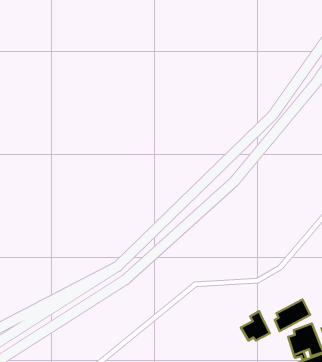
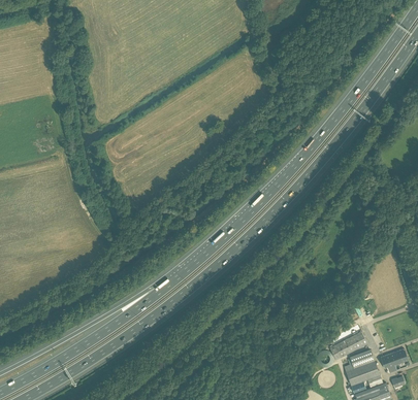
building: [241,311,270,341] -> none

